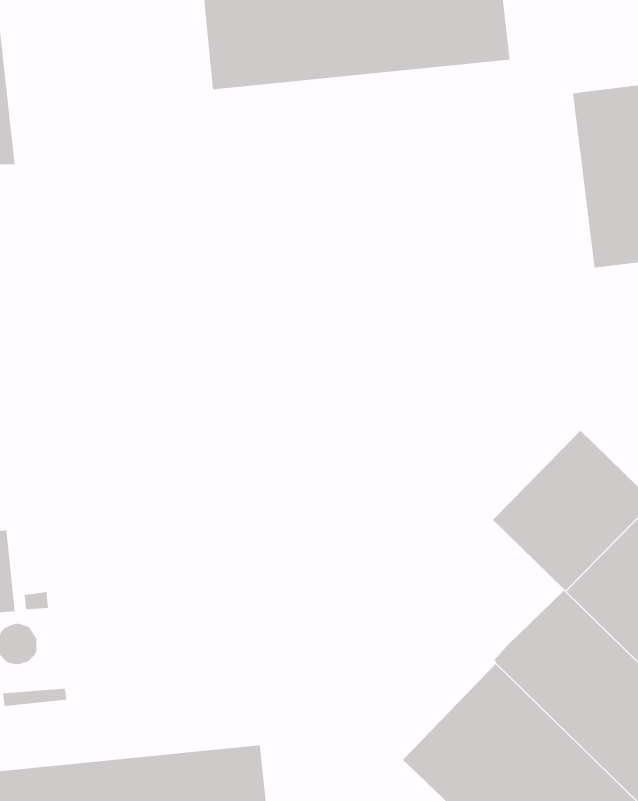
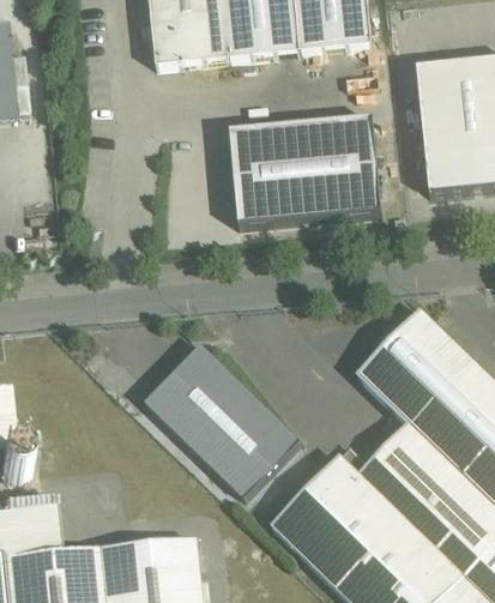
building: none -> [231,116,381,222]
building: none -> [144,348,300,501]
building: none -> [271,447,368,548]

